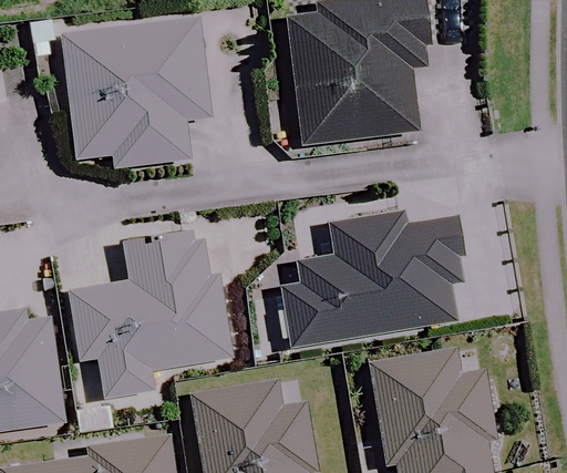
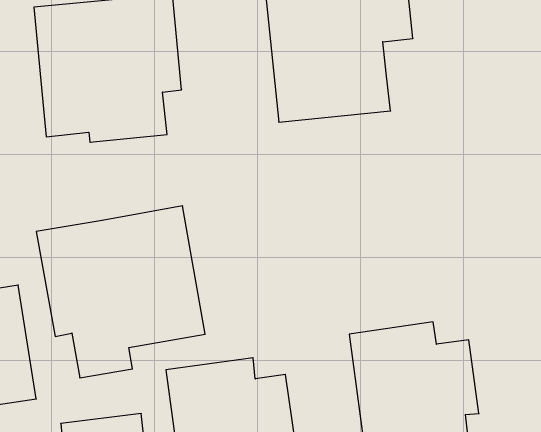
building: [286,198,467,346] -> none

